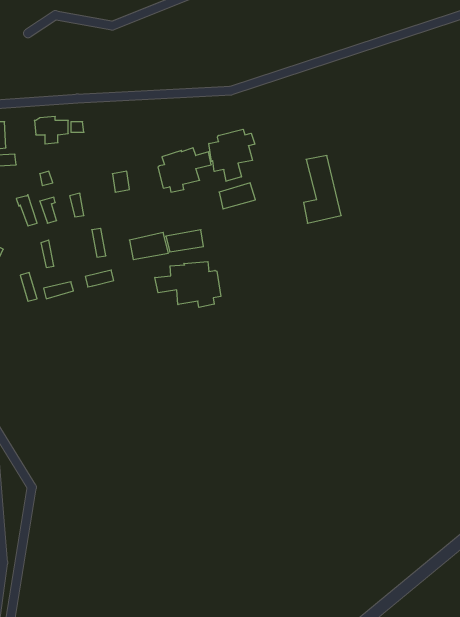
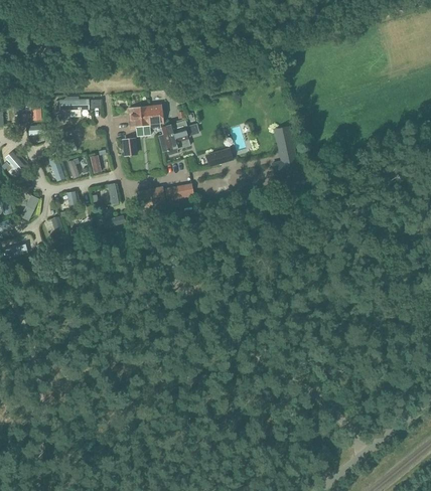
building: none -> [129,103,163,136]
building: [209,129,255,181] -> none
building: [155,262,221,307] -> none

